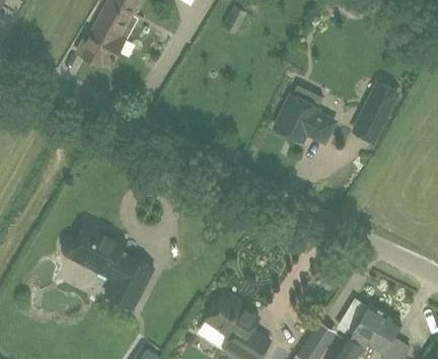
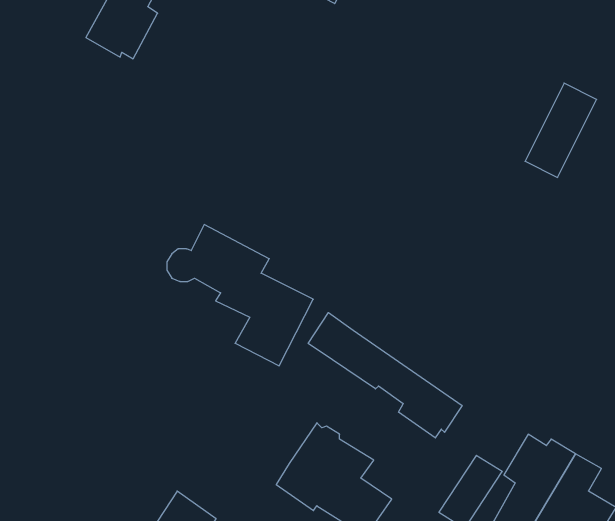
building: [273,86,334,144] -> none
building: [61,223,152,311] -> [167,225,313,366]
building: none -> [308,313,462,438]

